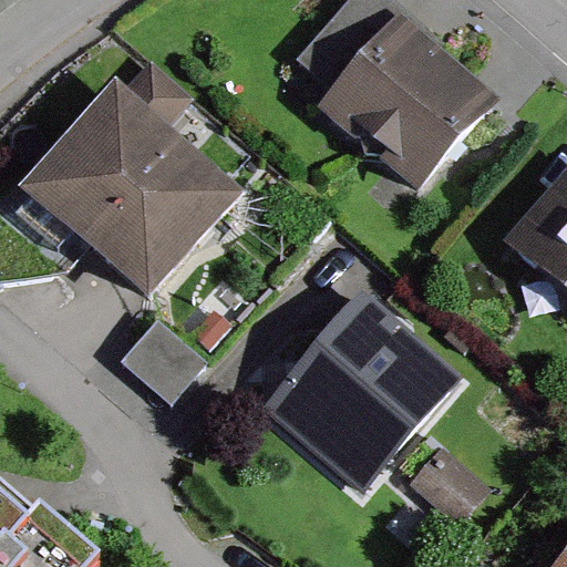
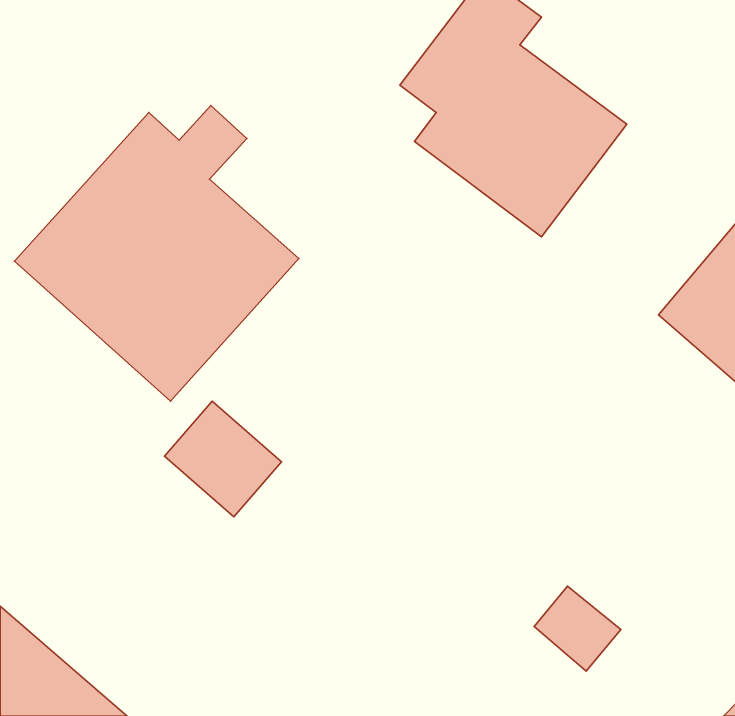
building: [276,296,458,483] -> none

